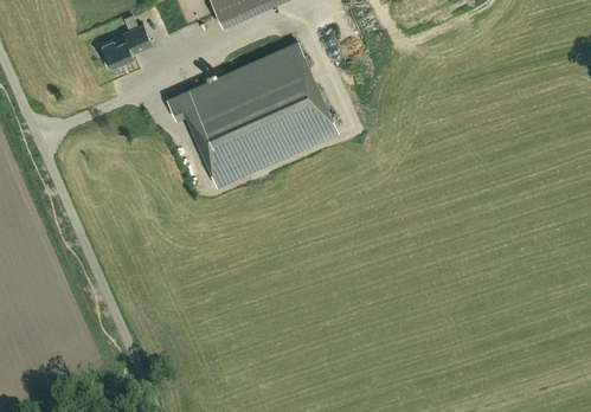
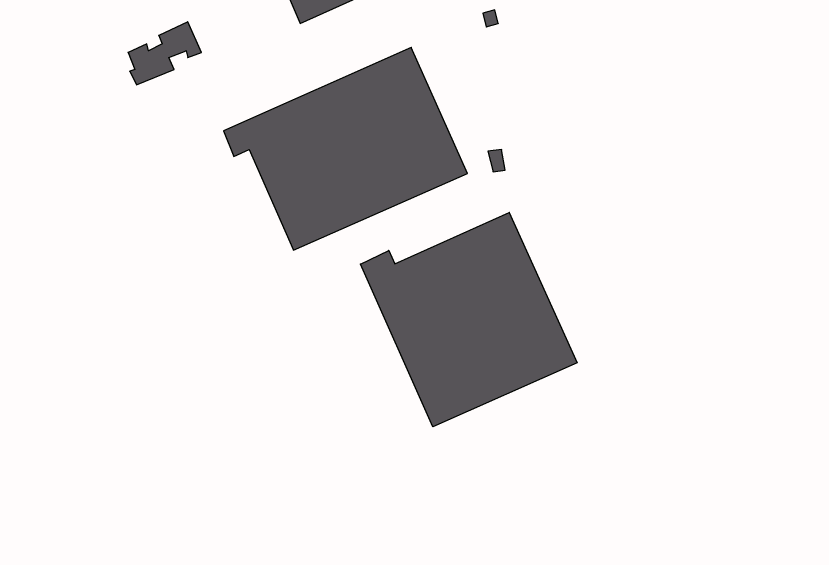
building: none -> [360,212,577,427]

